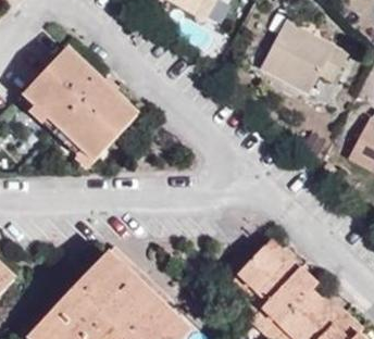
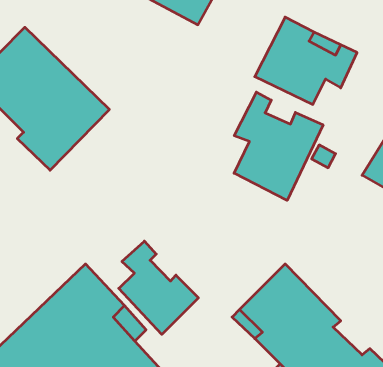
building: none -> [234,92,323,200]
building: none -> [119,241,198,334]

